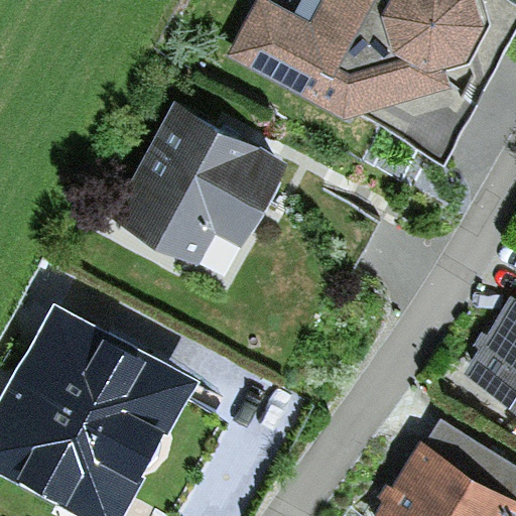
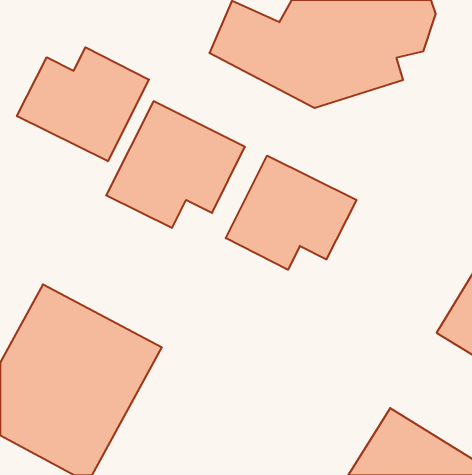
building: none -> [17,47,149,161]
building: none -> [226,156,356,270]

